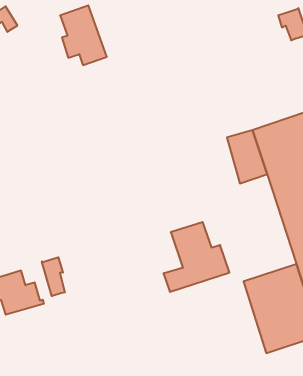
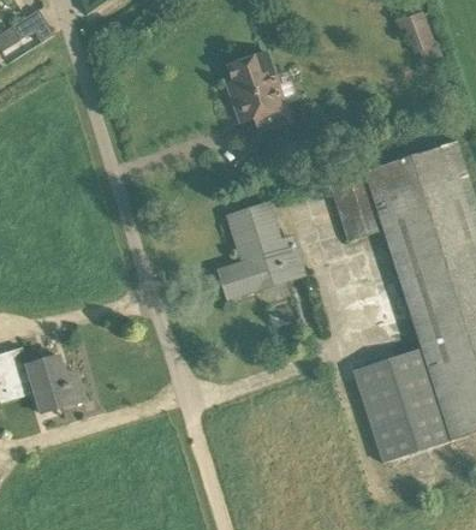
building: [60,5,107,65] -> [227,52,288,130]
building: [163,222,229,292] -> [218,203,304,294]
building: [42,257,65,296] -> none

